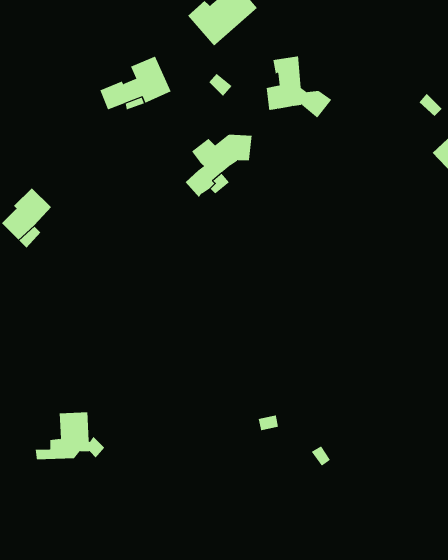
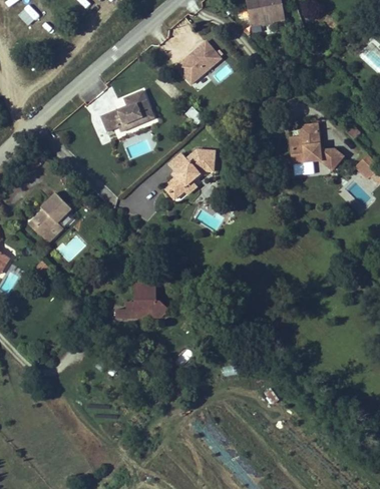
building: [266,56,332,118] -> [296,124,346,171]
building: [35,412,105,460] -> [113,280,166,316]

